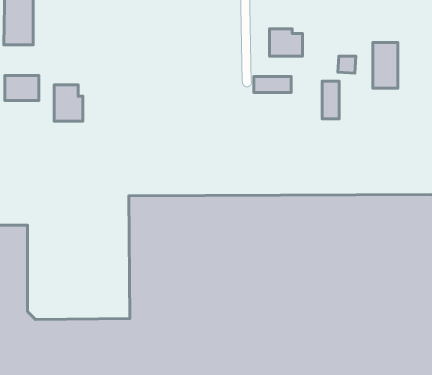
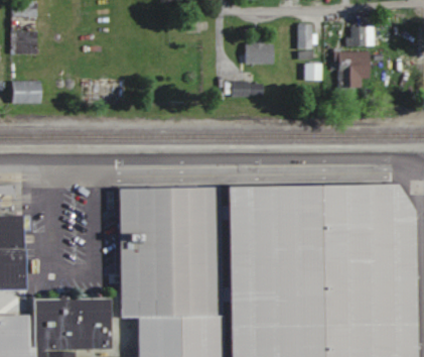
building: none -> [347,26,375,46]
building: [322,81,339,119] -> [298,25,313,58]
building: [54,85,83,121] -> none

